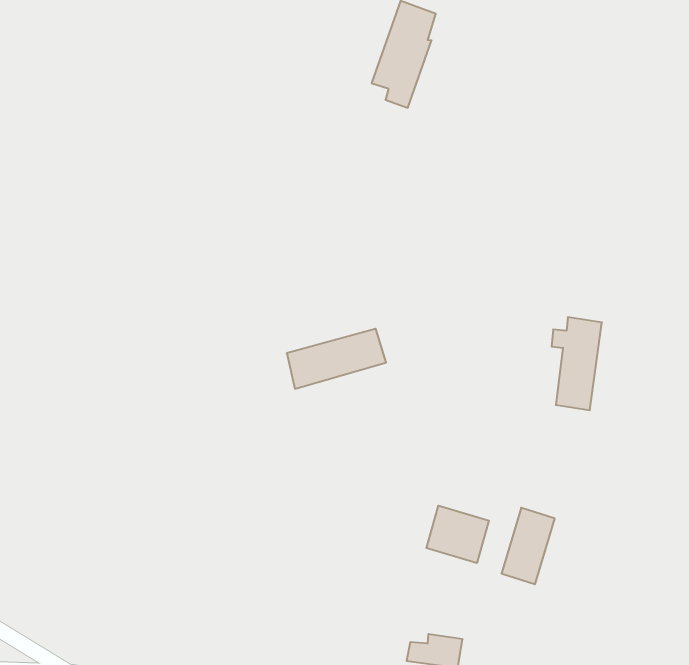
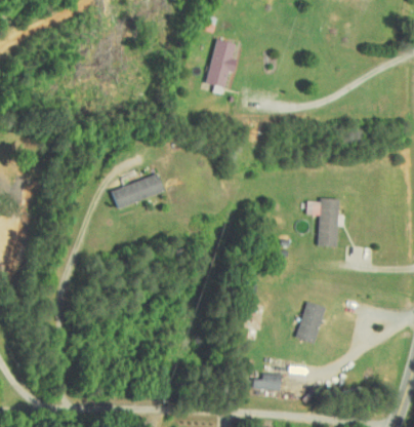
building: [287,329,386,389] -> [111,173,164,209]
building: [426,506,489,563] -> none

